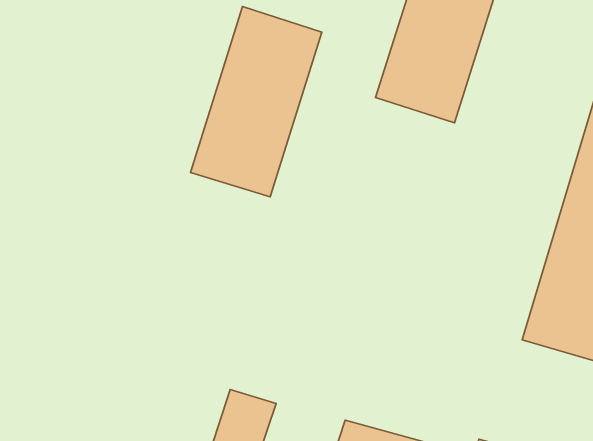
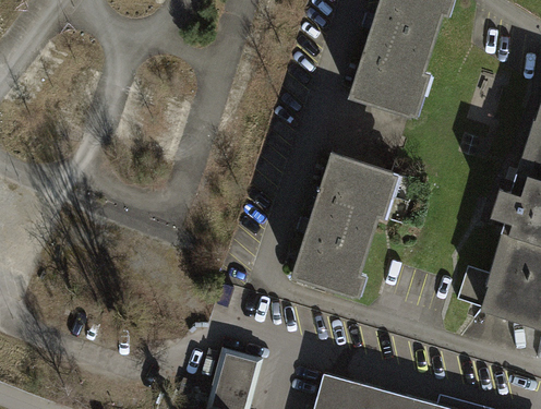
building: [190,6,322,197] -> none
building: none -> [294,158,399,297]

